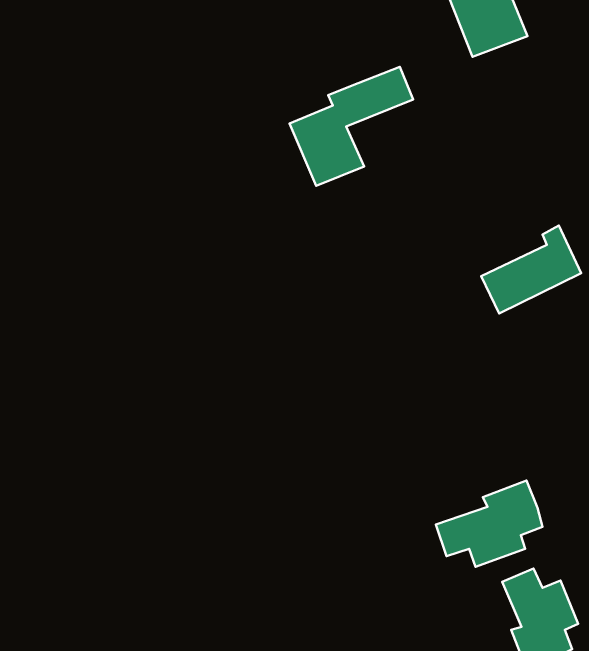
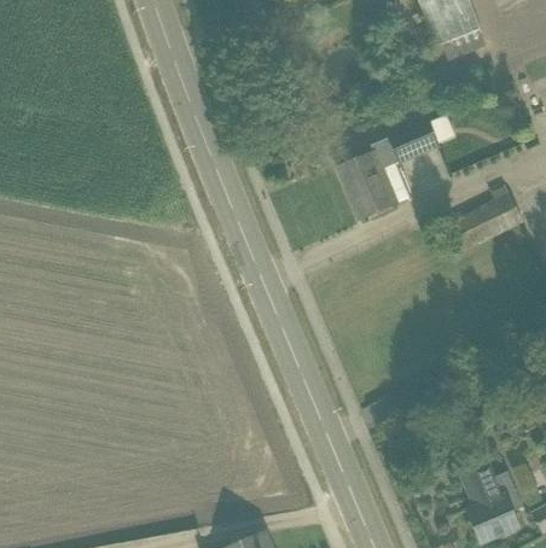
building: [289,67,413,186] -> [336,122,436,218]
building: [436,480,543,567] -> none

